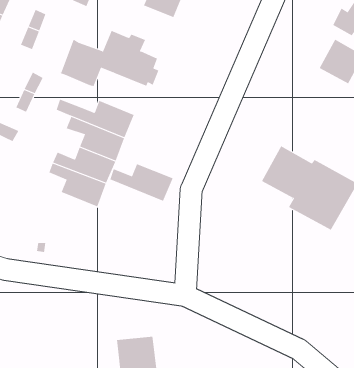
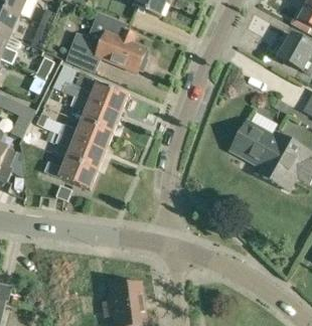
building: [109,163,173,202] -> [44,158,97,189]

